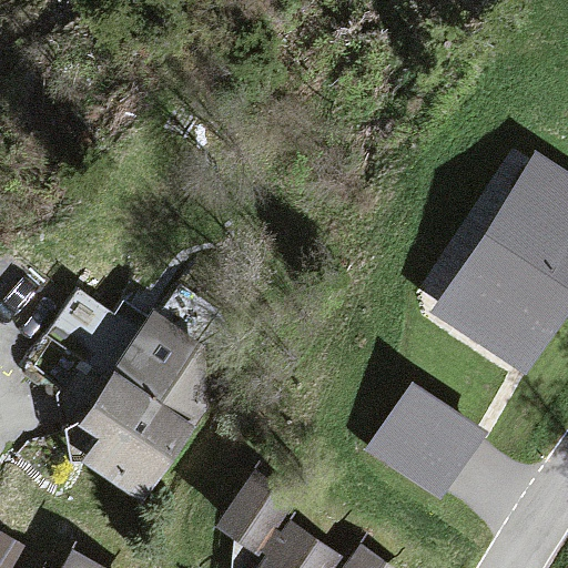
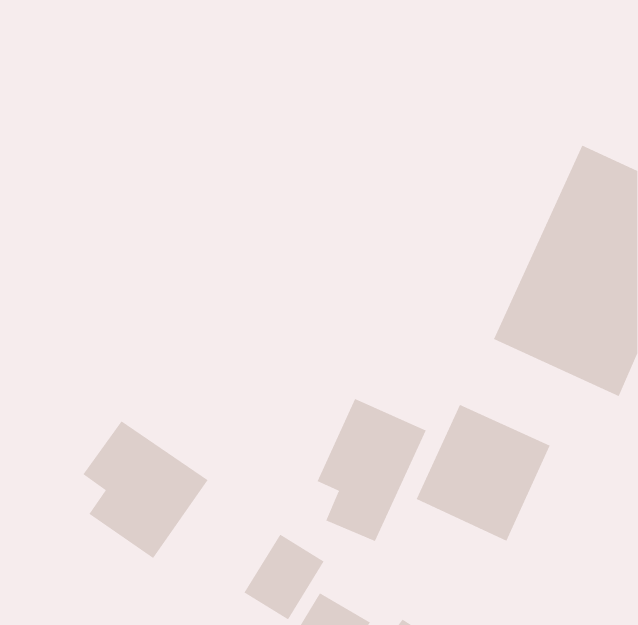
building: [115,328,219,426] -> none
building: none -> [317,398,426,542]

